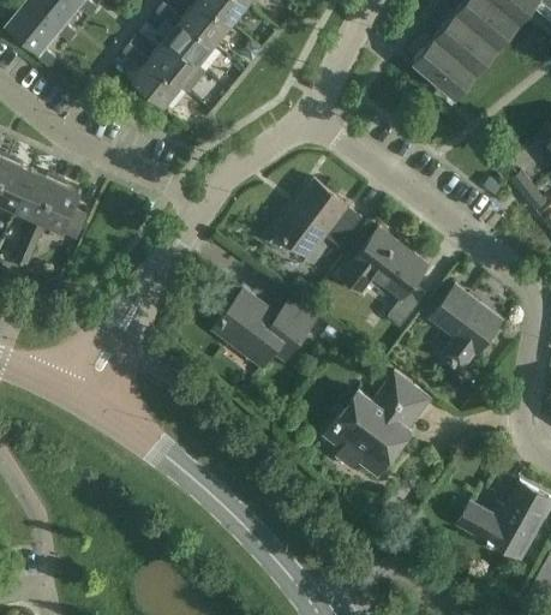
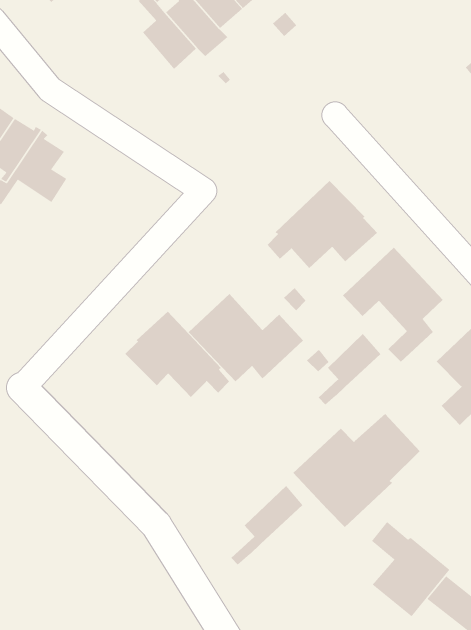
building: none -> [318,333,381,405]
building: none -> [124,311,230,398]
building: none -> [231,485,303,565]
building: none -> [371,521,450,617]

